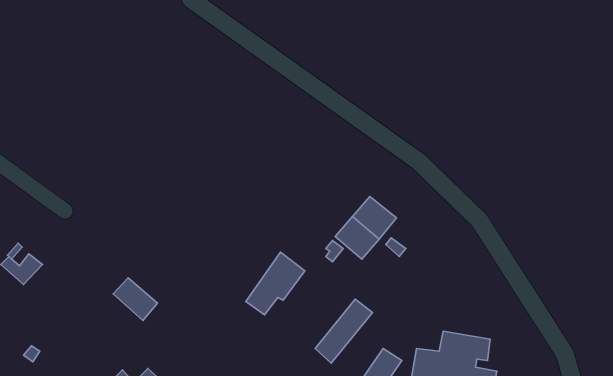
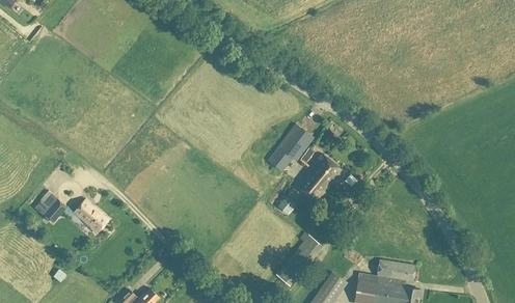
building: [246,252,305,315] -> [267,122,313,171]
building: [113,278,157,321] -> [73,200,107,233]

